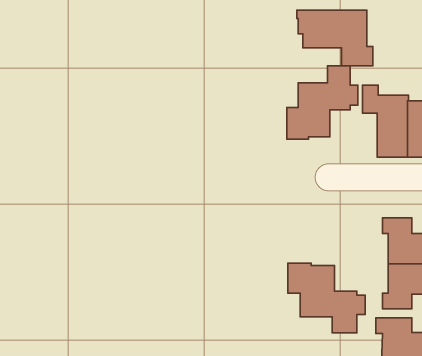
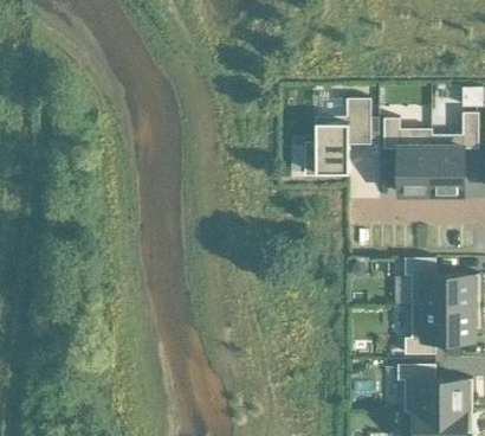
building: [297,10,373,66] -> none
building: [288,263,365,333] -> none

